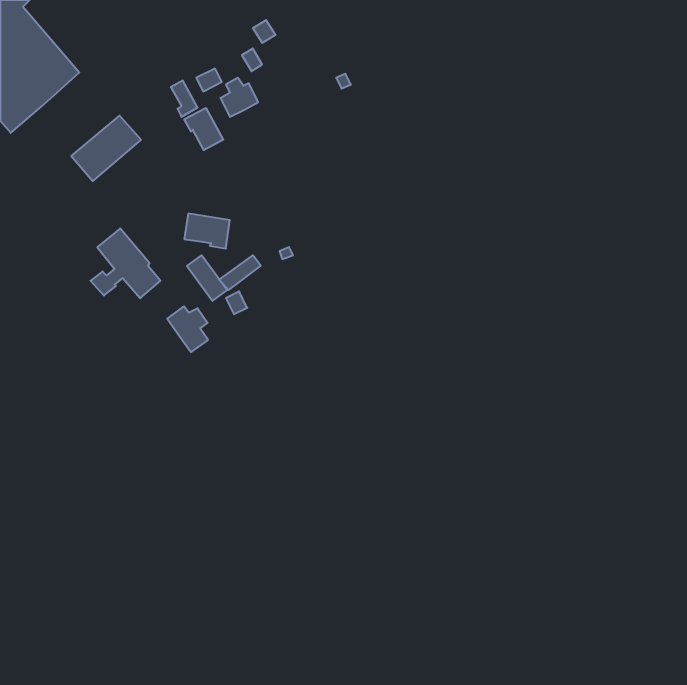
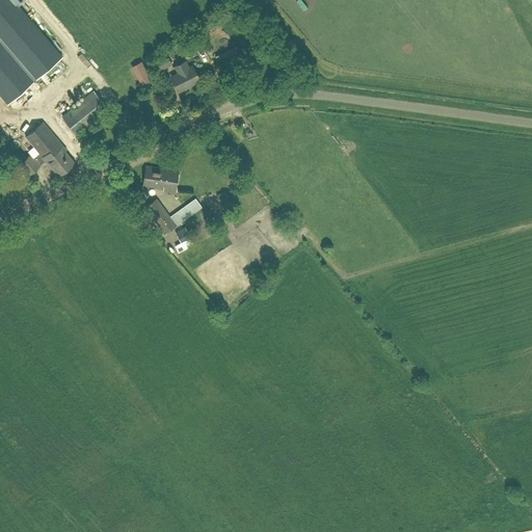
building: [184,108,223,150] -> none
building: [90,228,160,298] -> [20,123,74,177]
building: [167,306,208,352] -> none

